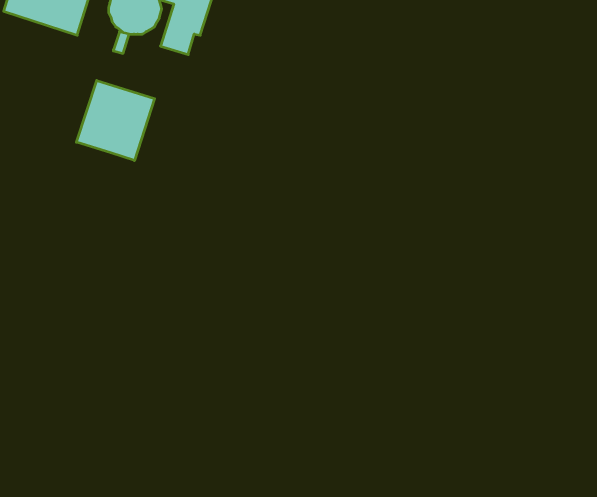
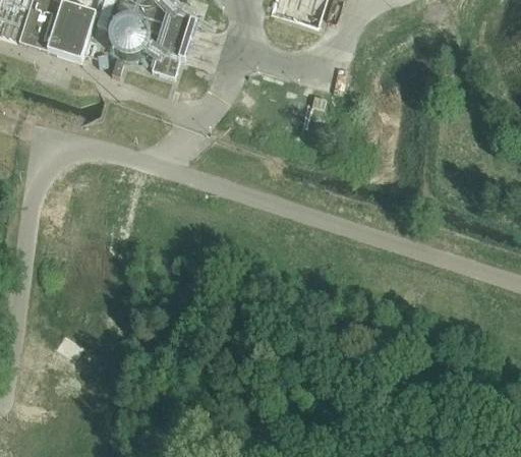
building: [76,80,155,161] -> none

